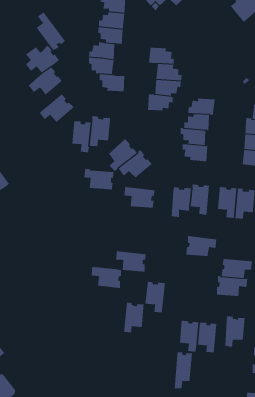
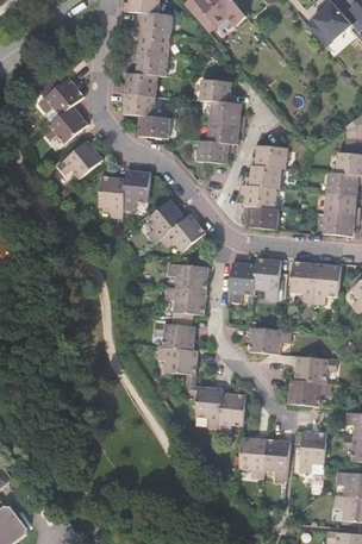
building: [36,12,66,51] -> none
building: [83,168,114,190] -> [166,286,206,314]
building: [91,267,122,288] -> [154,321,194,350]
building: [124,302,144,333] -> [218,392,245,432]
building: [174,352,193,389] -> none

